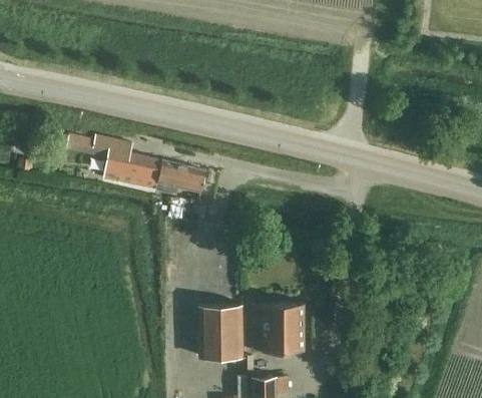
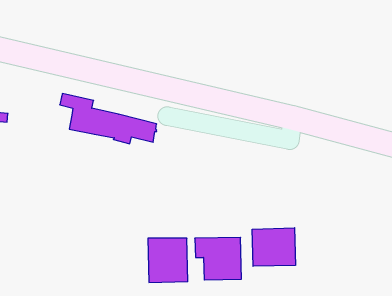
building: none -> [252,228,295,266]

